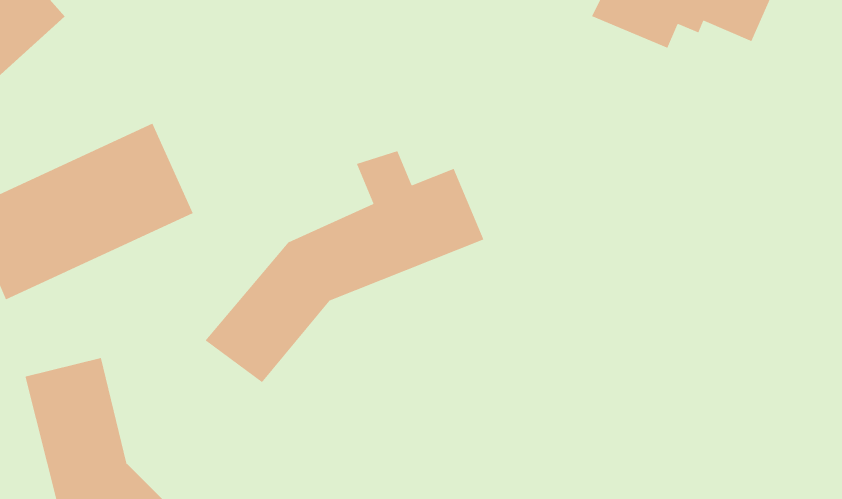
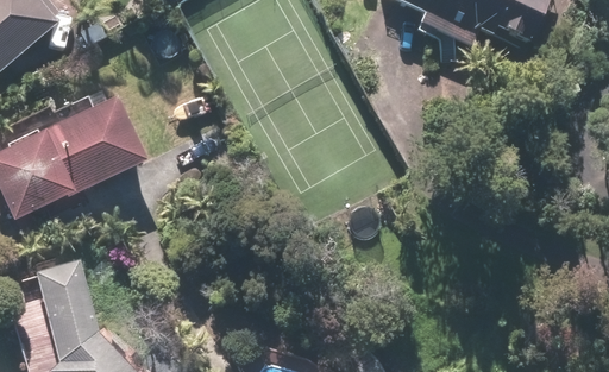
building: [204,150,485,383] -> none

